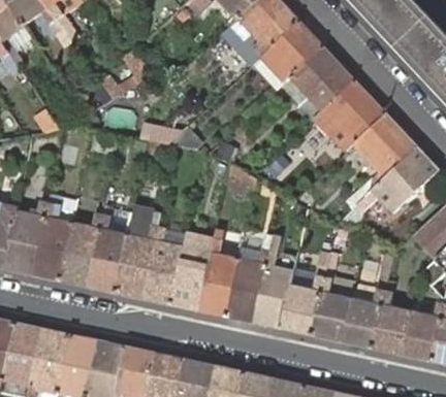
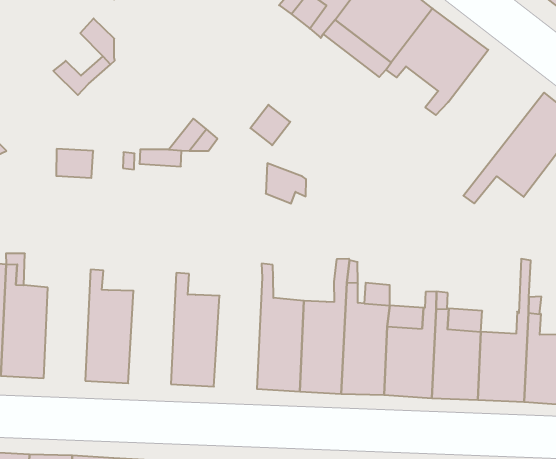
building: [349,113,418,206] -> none
building: [60,212,102,287] -> none
building: [115,212,161,298] -> none
building: [170,234,214,310] -> none

